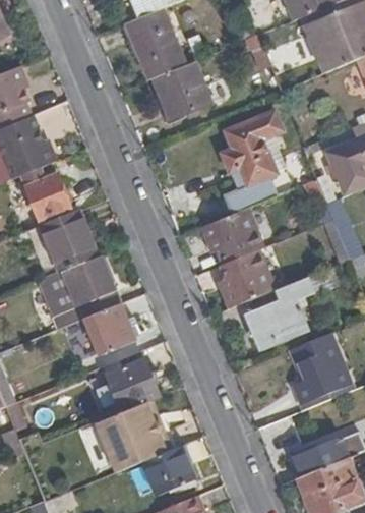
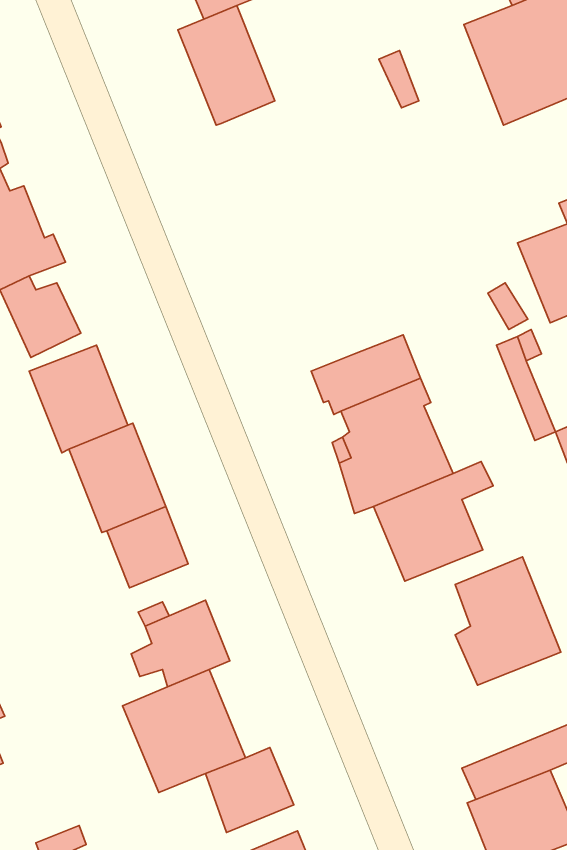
building: [153,63,210,120] -> none
building: [222,112,282,215] -> none
building: [37,271,82,330] -> none

